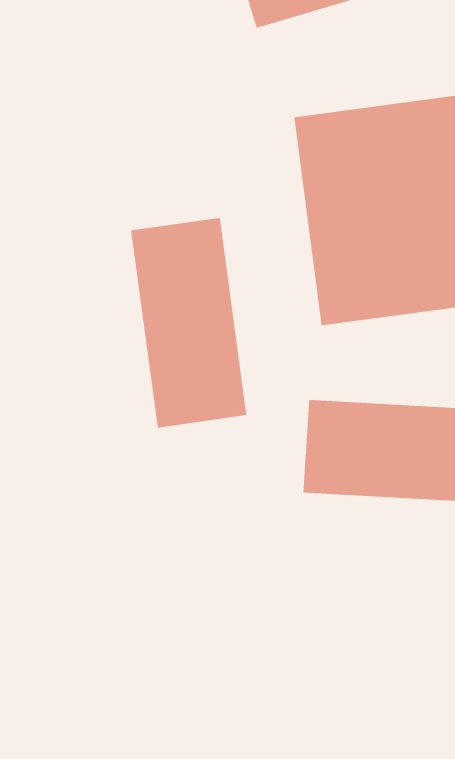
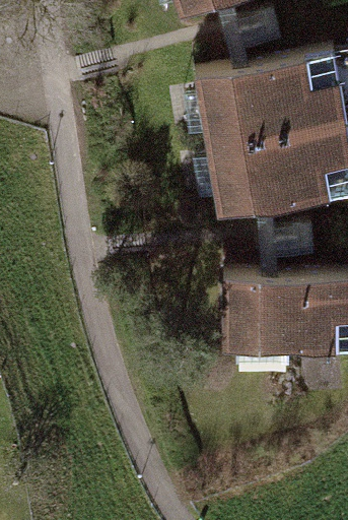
building: [131,217,247,428] -> none

